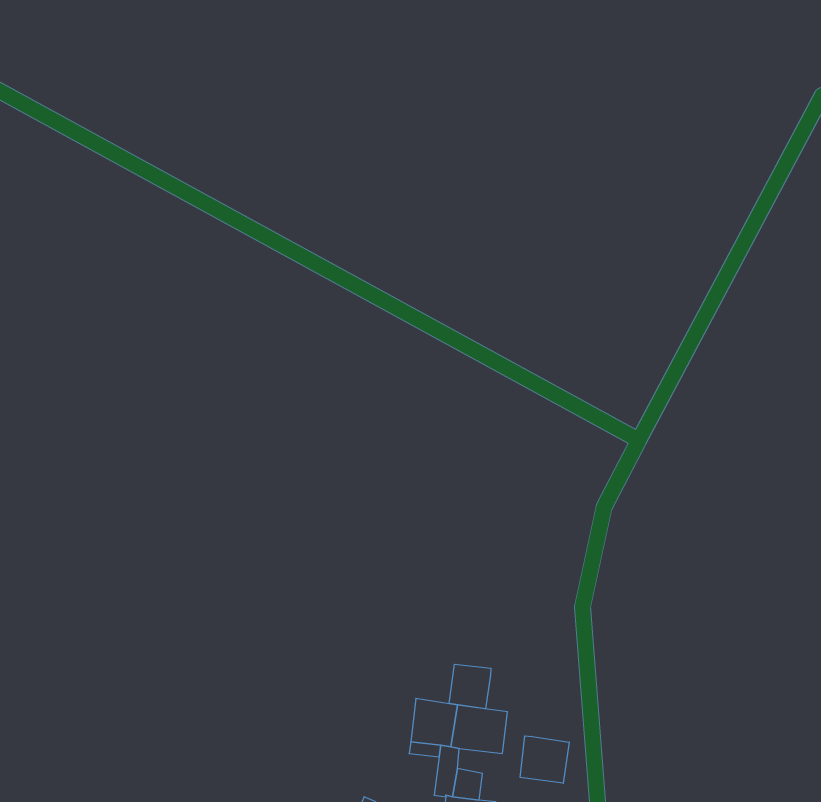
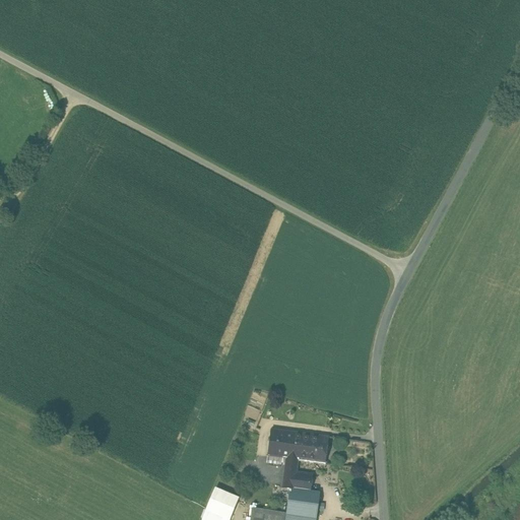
building: [449,664,491,709] -> none
building: [520,736,569,783] -> none

